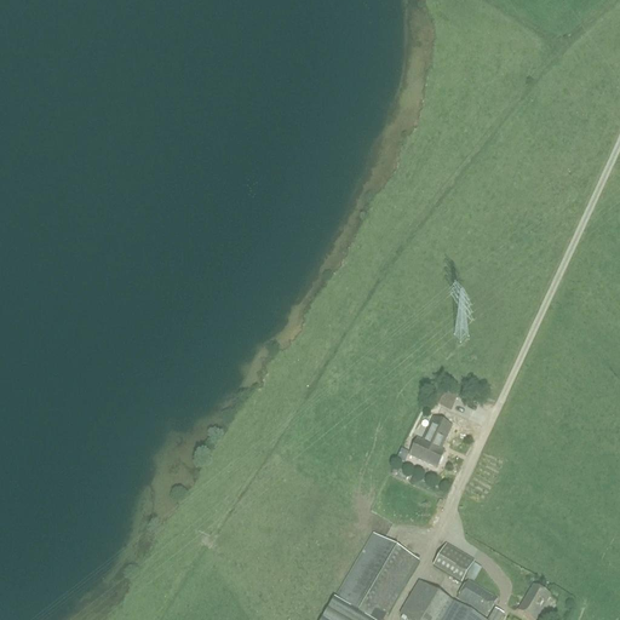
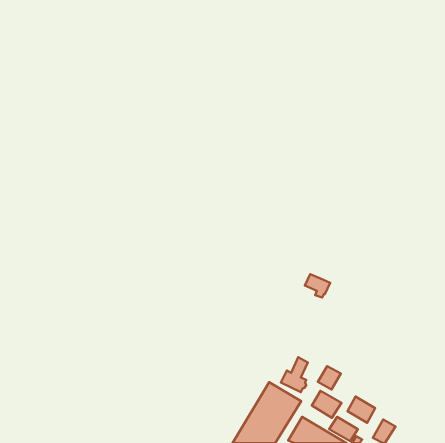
building: [409,419,447,467] -> [281,357,308,392]
building: none -> [318,366,341,389]
building: none -> [348,397,375,423]

